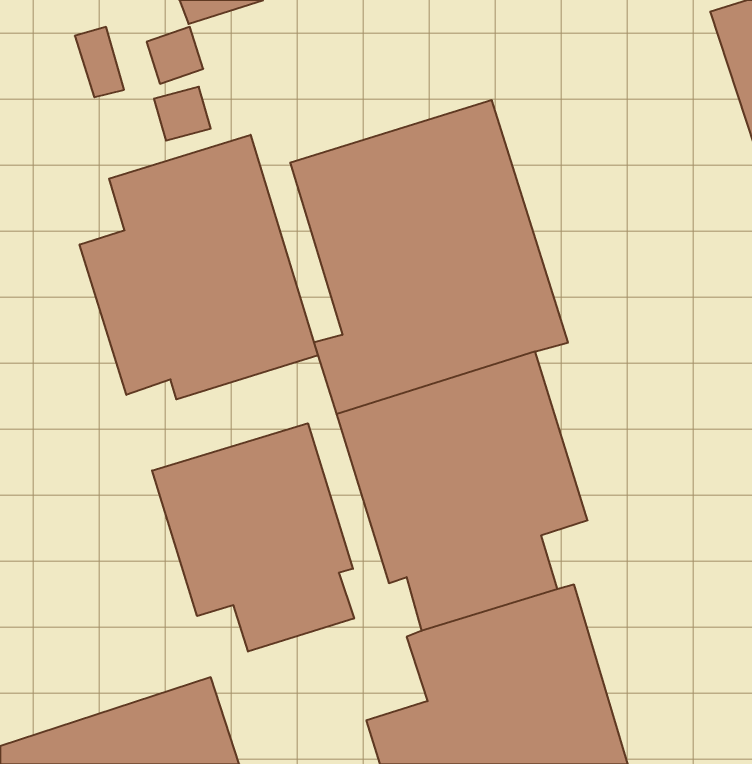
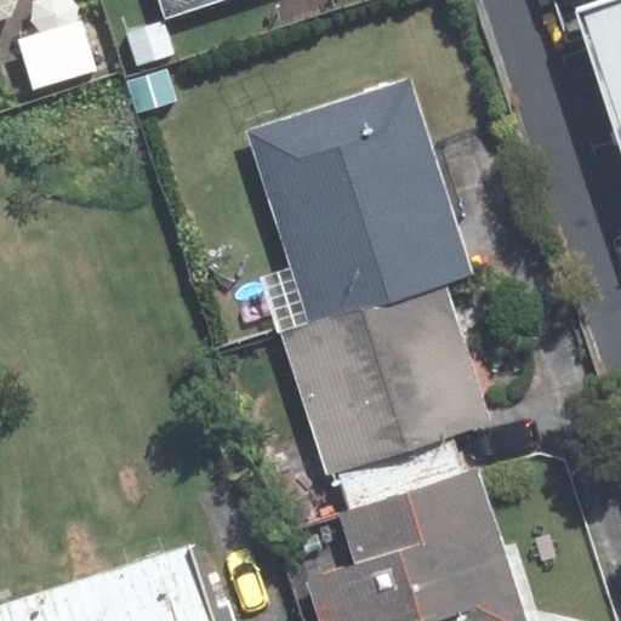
building: [80,135,318,399] -> none
building: [152,423,354,652] -> none

